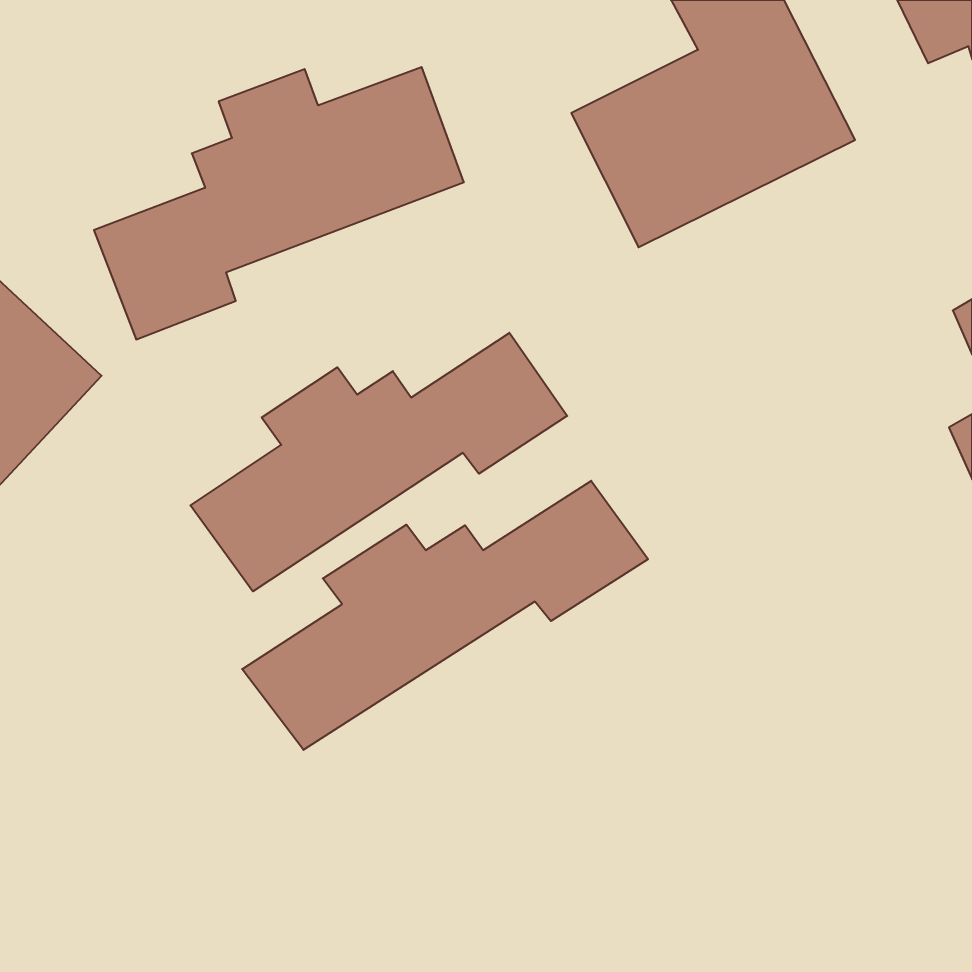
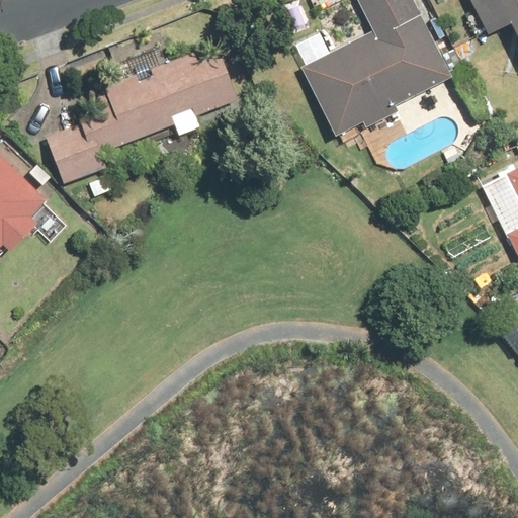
building: [190,333,567,591] -> none
building: [242,481,648,750] -> none

